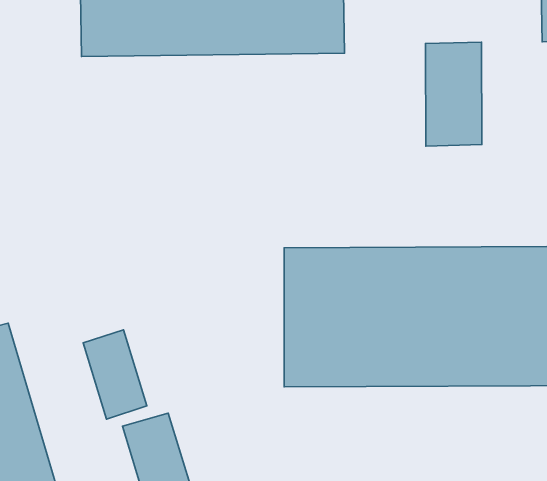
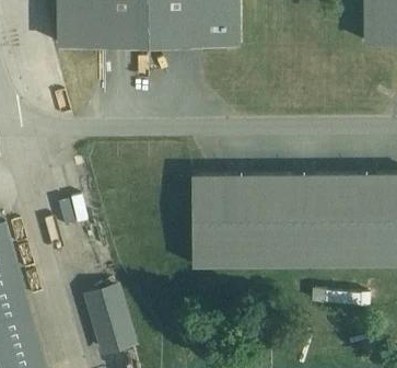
building: [425,42,482,146] -> none
building: [83,330,147,419] -> none

